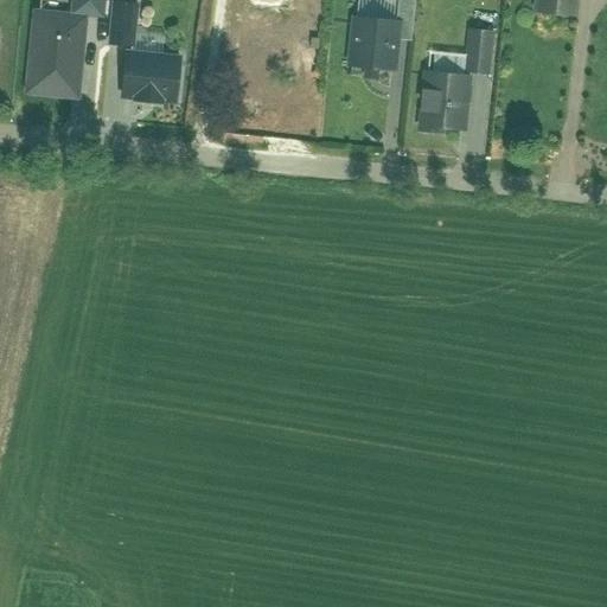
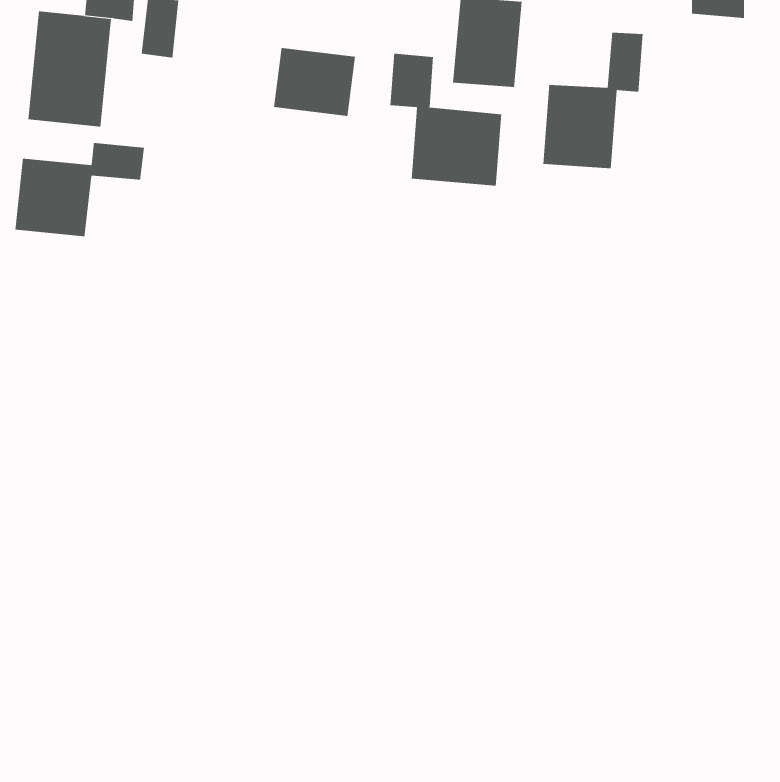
building: none -> [390,53,502,186]
building: [123,49,187,102] -> [273,47,356,116]
building: none -> [15,142,144,237]

